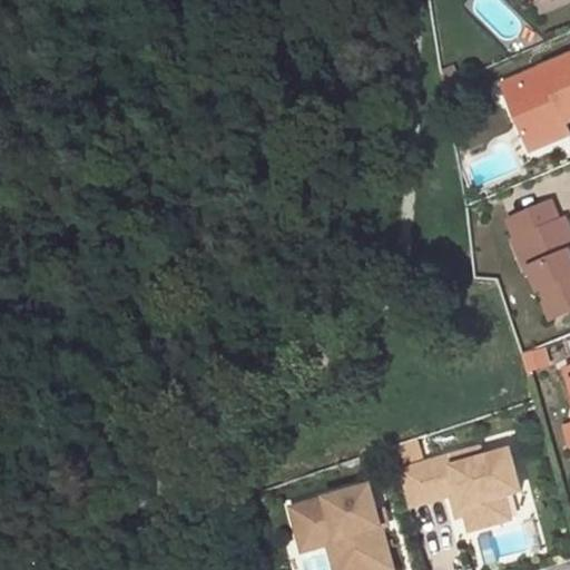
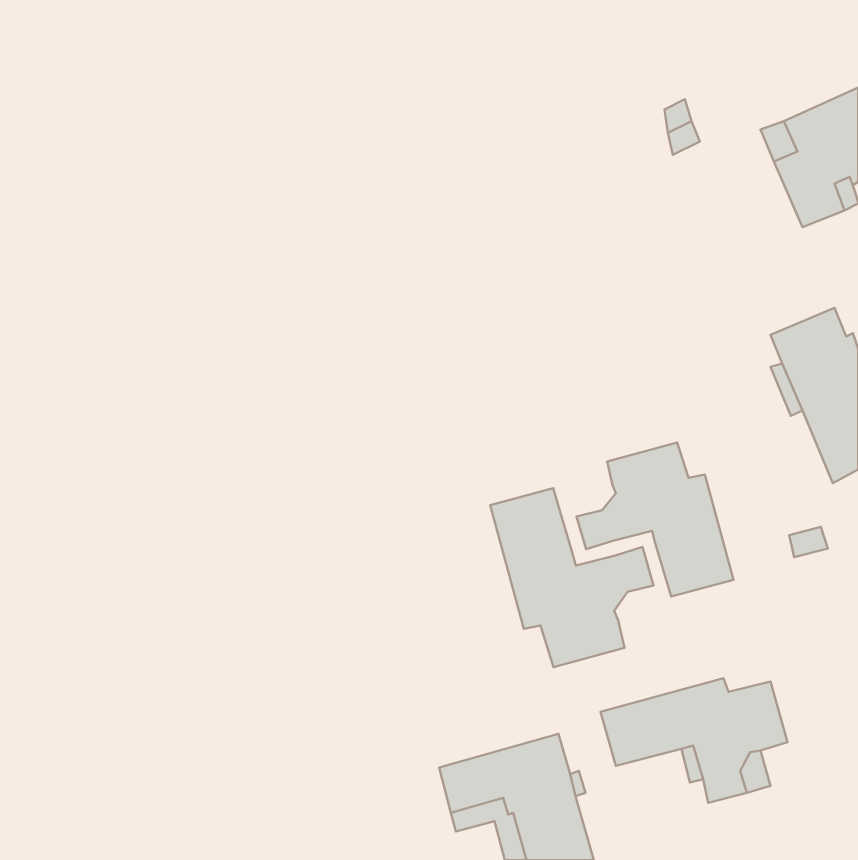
building: none -> [577,443,734,597]
building: none -> [490,488,654,667]

